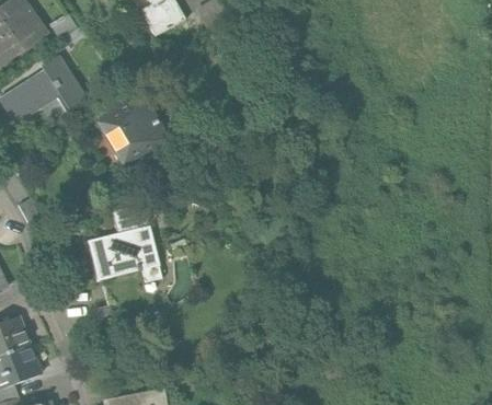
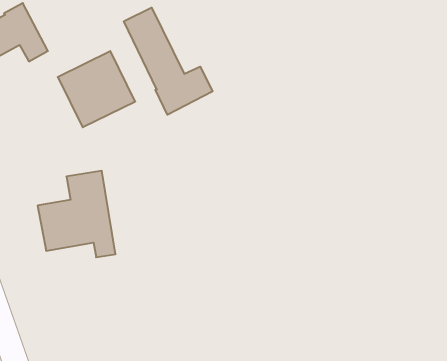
building: none -> [124,8,212,115]

